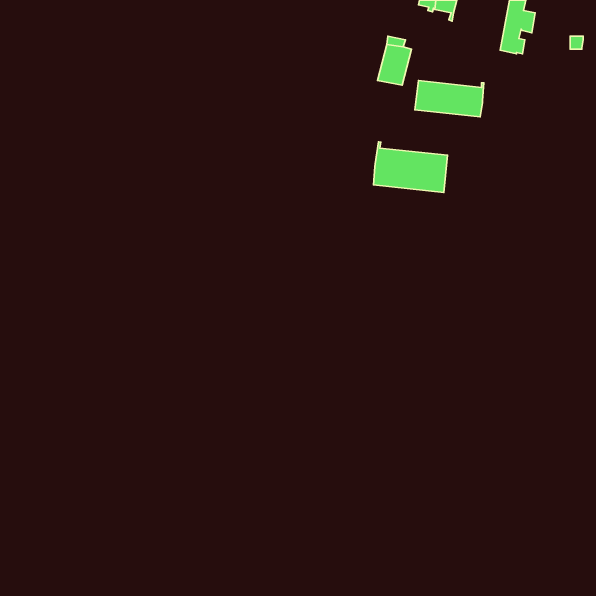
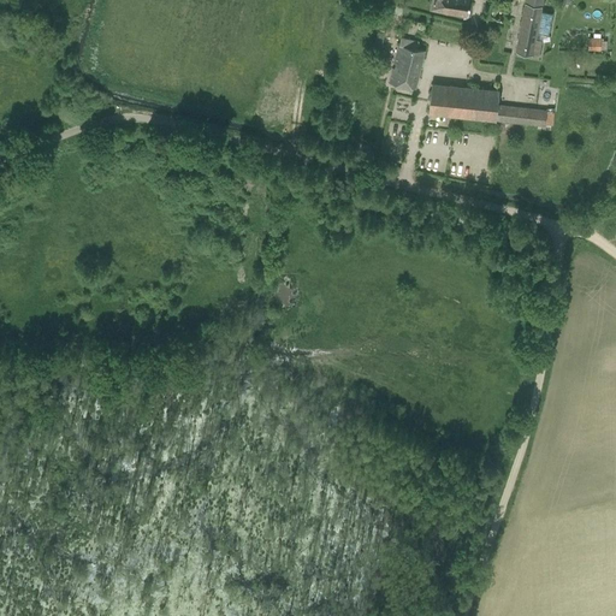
building: none -> [494,105,549,128]
building: [374,142,448,192] -> none

